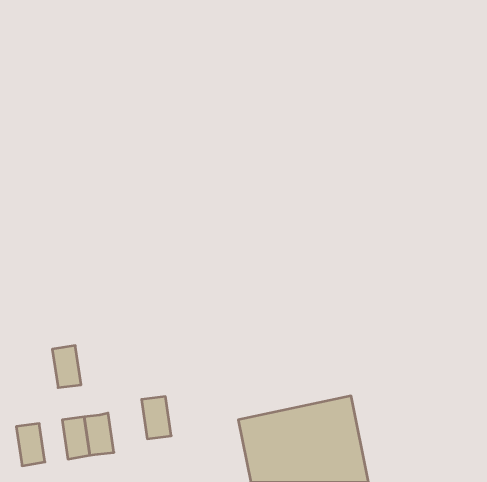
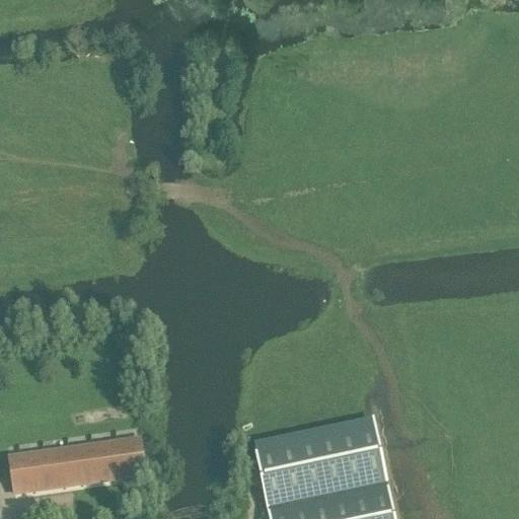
building: [52,346,81,388] -> [42,445,72,490]
building: [142,397,171,439] -> [115,435,146,479]

